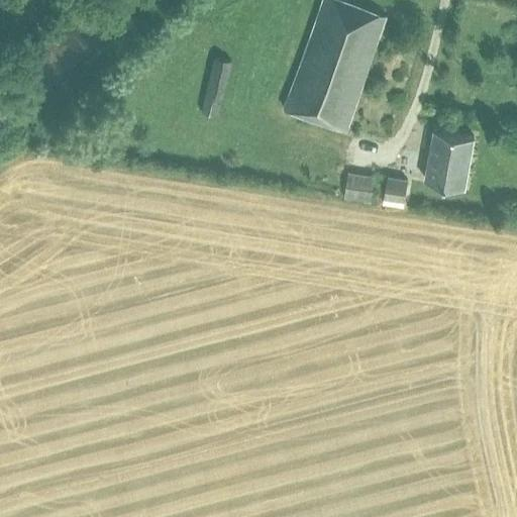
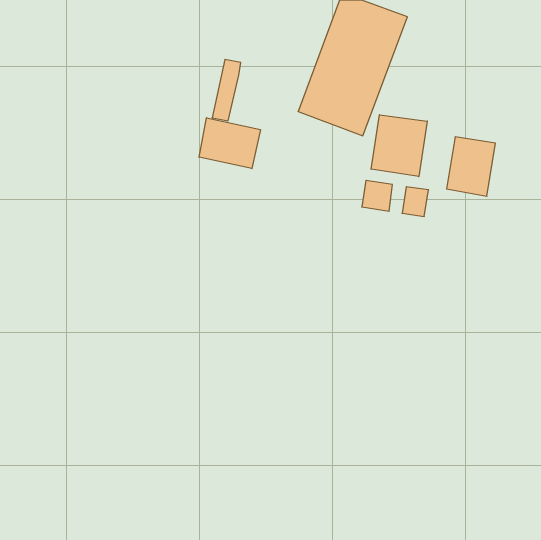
building: none -> [371,115,427,177]
building: none -> [199,118,260,169]

